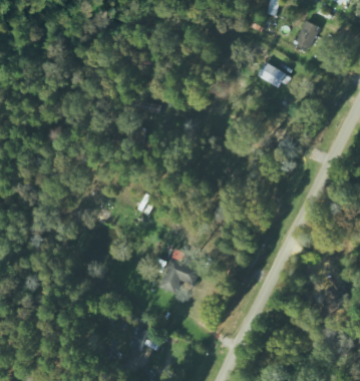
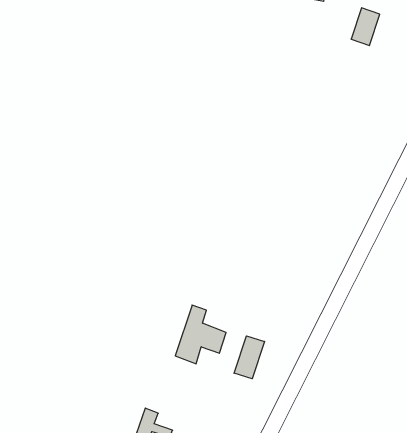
building: [256,61,289,89] -> none
building: none -> [234,336,265,379]

